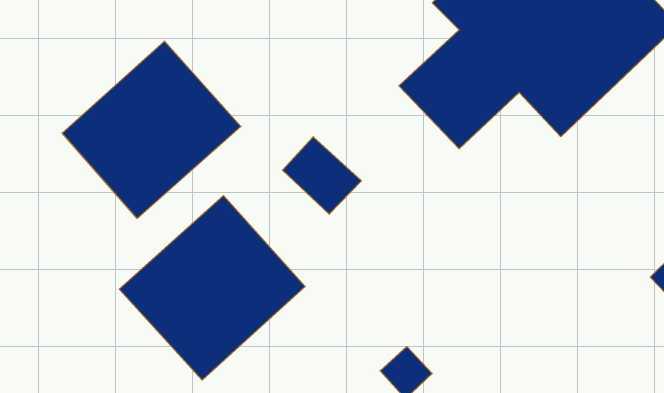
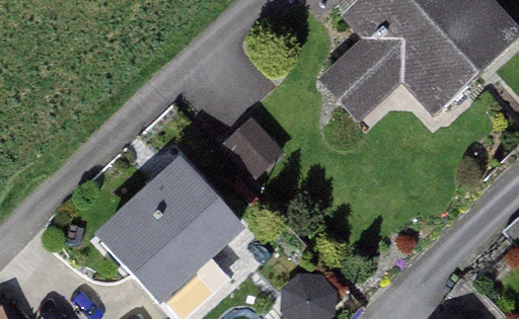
building: [62,41,241,218] -> none

